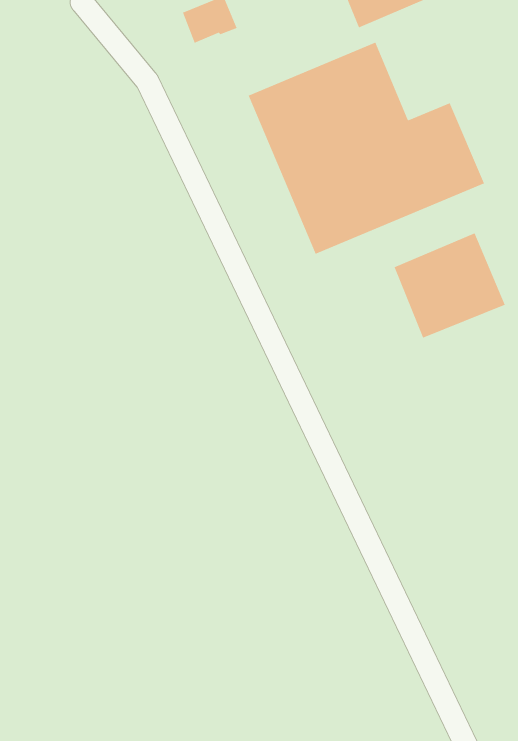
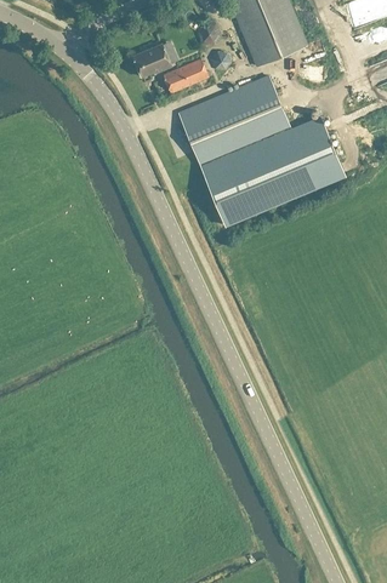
building: none -> [163,59,209,93]
building: [394,232,505,339] -> none

